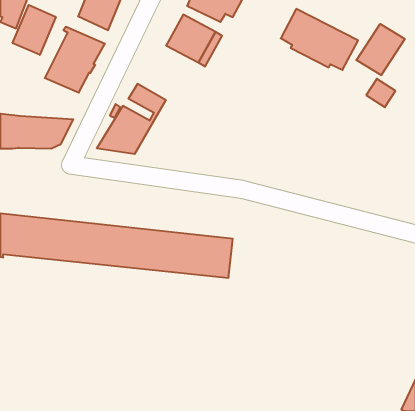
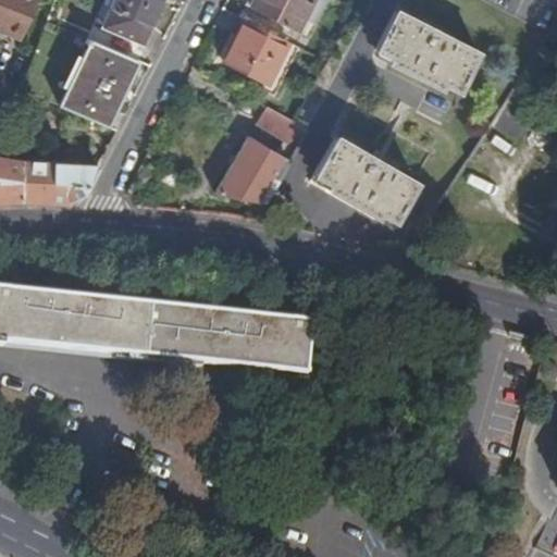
building: [13,5,56,55] -> none
building: [356,24,405,75] -> none
building: [97,84,166,154] -> [214,101,307,195]
building: none -> [314,136,416,220]

